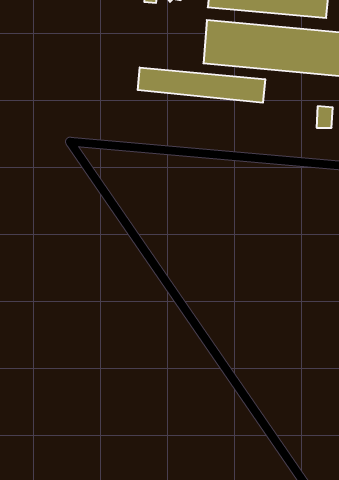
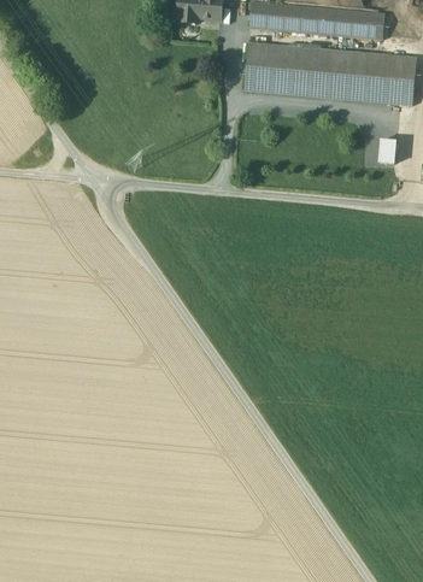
building: [138,67,265,103] -> none

